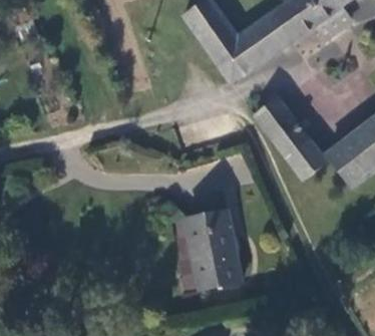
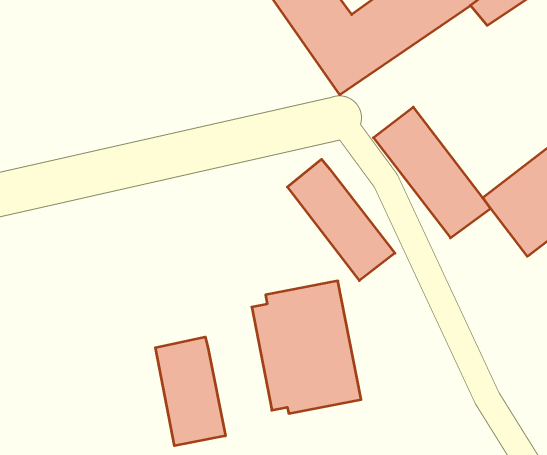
building: none -> [287,159,395,281]
building: none -> [155,337,225,446]

